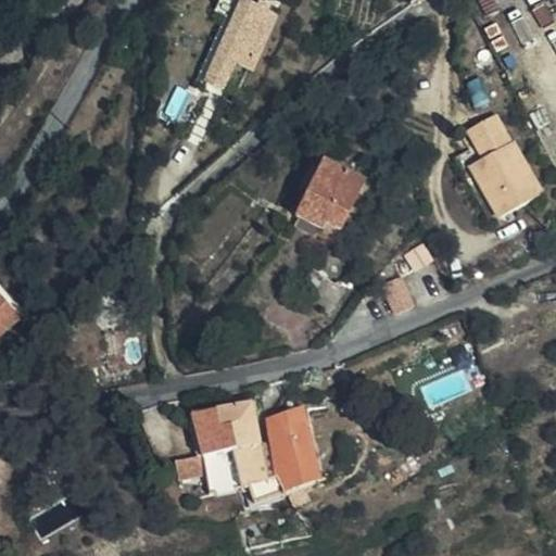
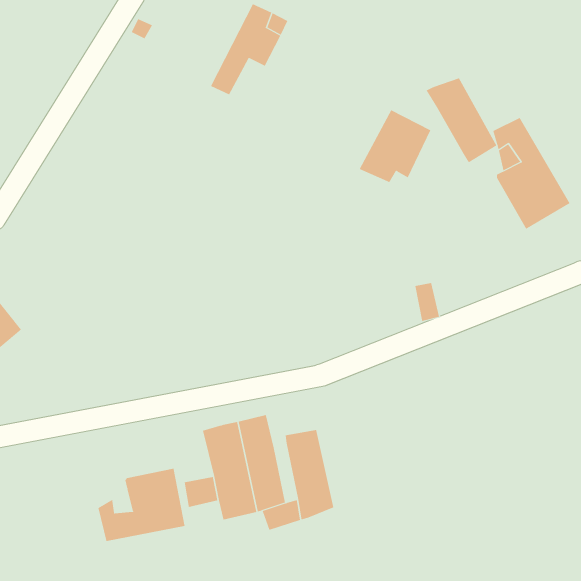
building: none -> [426,77,497,163]
building: [295,161,364,230] -> [359,109,431,183]
building: none -> [98,468,185,542]

